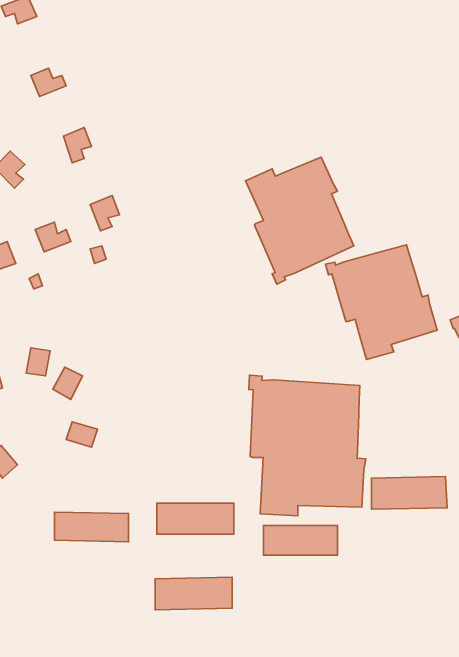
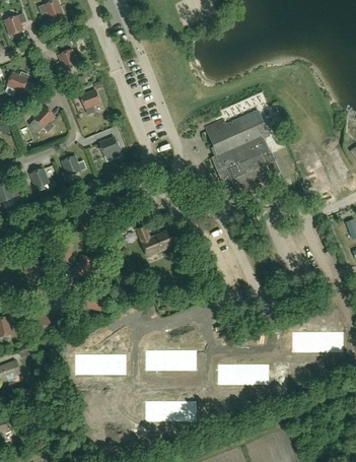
building: [326,245,437,360] -> none
building: none -> [136,225,175,256]
building: [249,375,366,516] -> none

